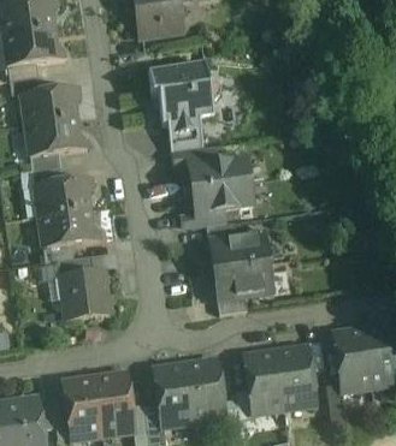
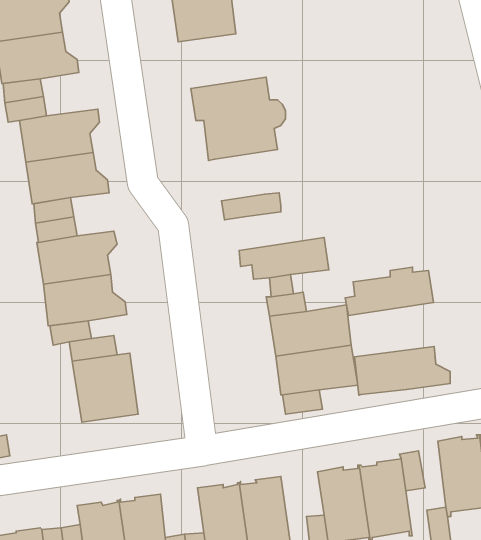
building: [167,118,205,154] -> none
building: [183,155,249,191] -> [345,267,433,315]
building: none -> [354,347,450,395]

